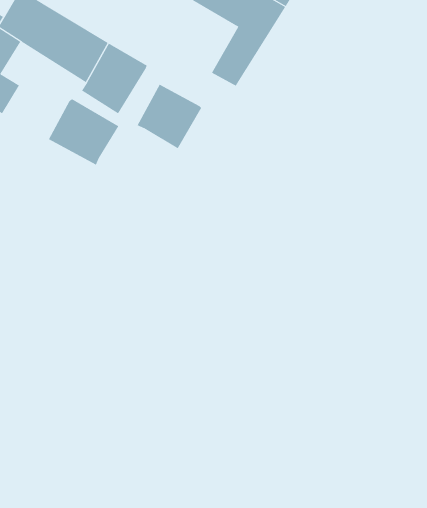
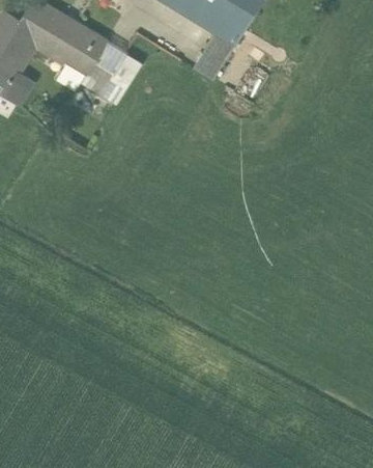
building: [137,84,202,149] -> none
building: [48,98,119,166] -> none

